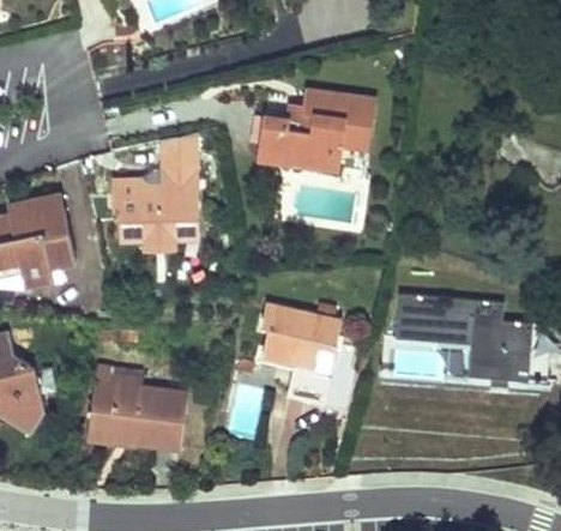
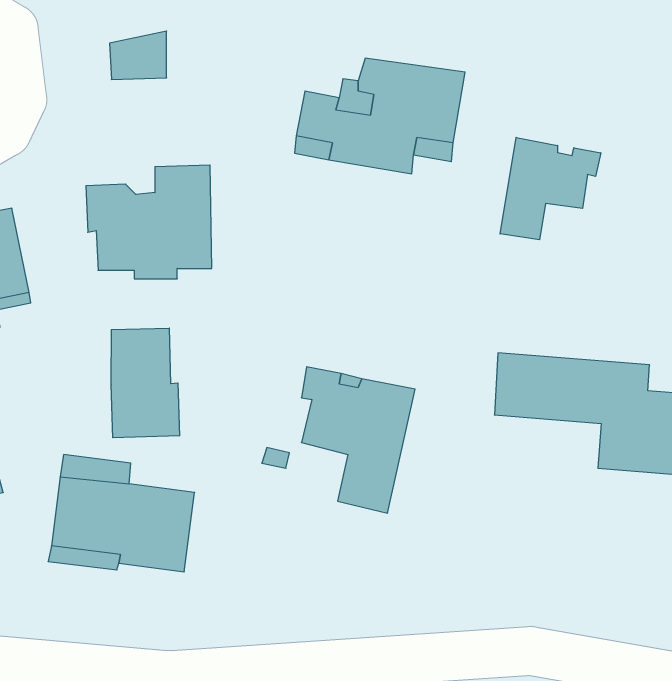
building: [157,132,197,165] -> [110,31,167,79]
building: none -> [500,137,601,240]
building: none -> [111,328,180,438]

